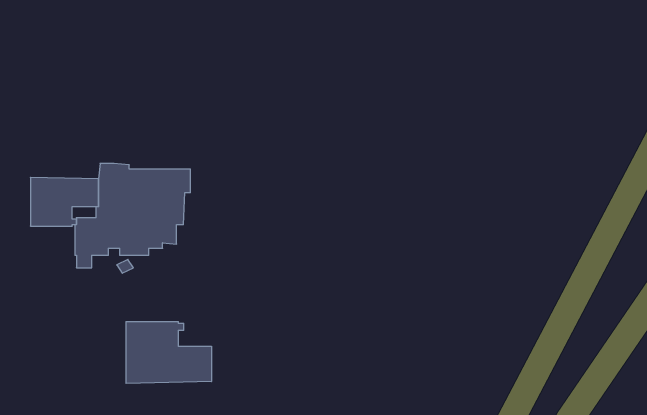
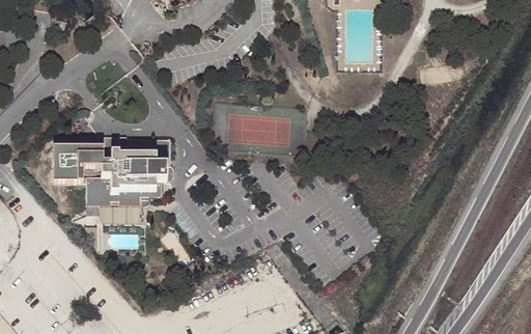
building: [126,322,211,383] -> none

